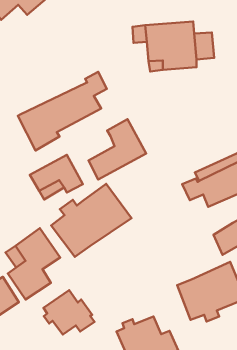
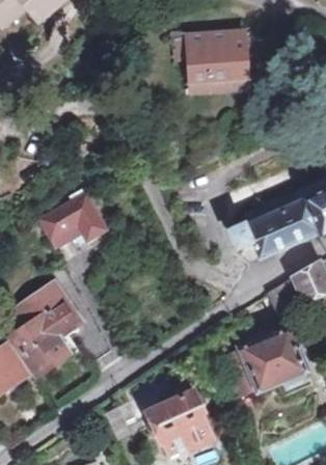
building: [18,72,107,151] -> none
building: [88,119,146,180] -> none
building: [51,184,131,257] -> none
building: [43,290,94,335] -> none

